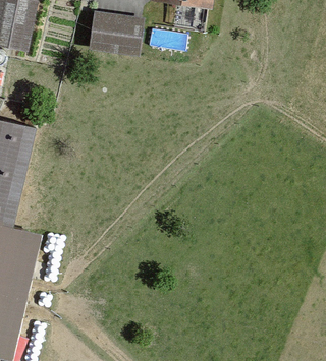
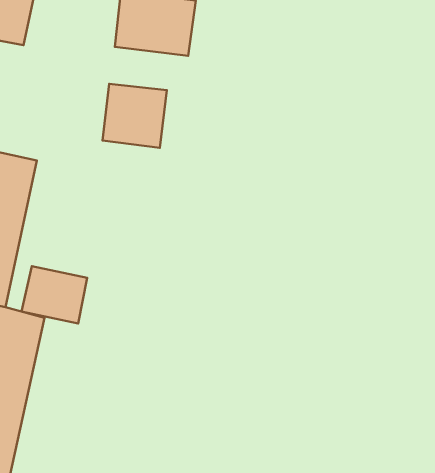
building: none -> [102,84,167,148]
building: none -> [22,266,87,324]

